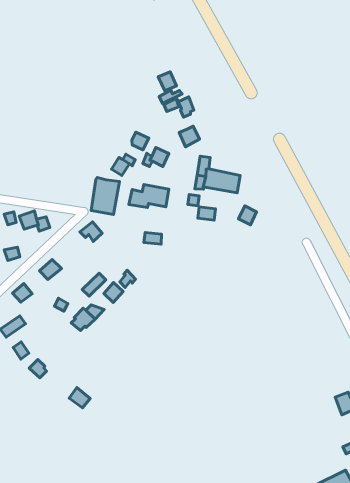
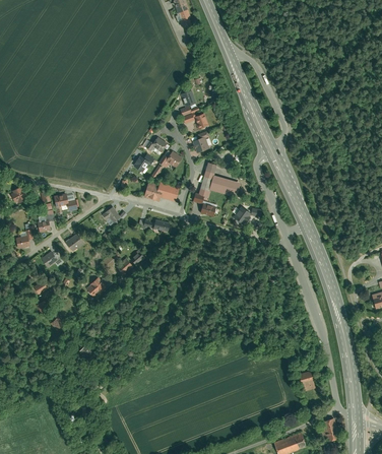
building: [91,177,119,215] -> none

